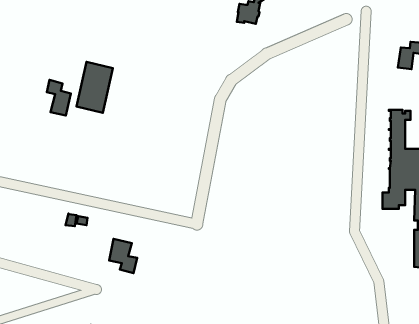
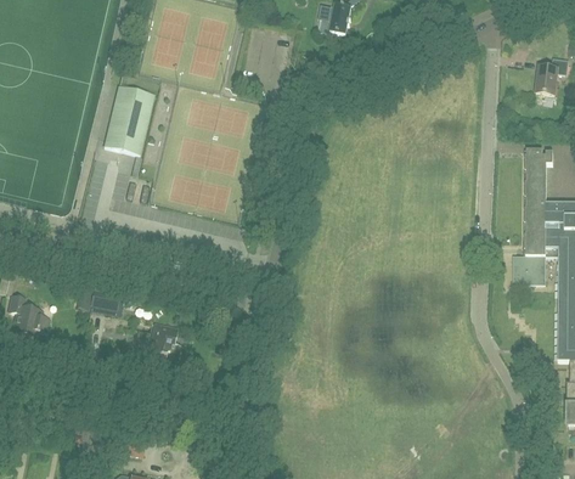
building: [47,80,71,116] -> none
building: none -> [9,295,49,337]

